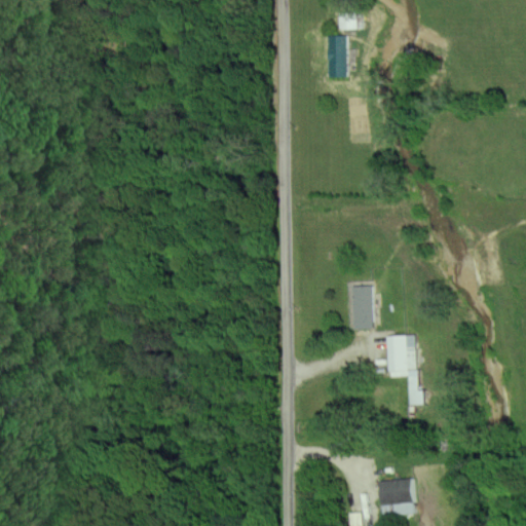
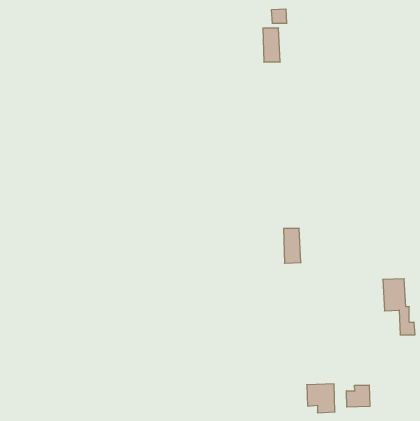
building: [387,335,427,405] -> [383,279,415,335]
building: none -> [346,385,370,407]

